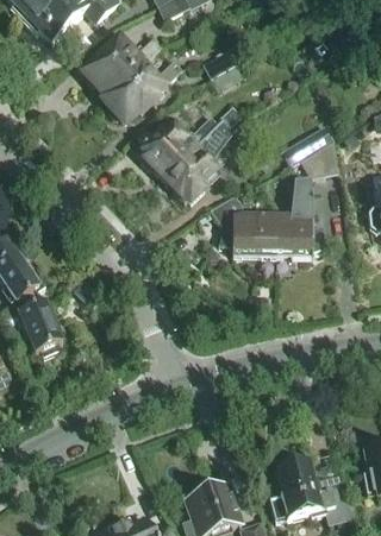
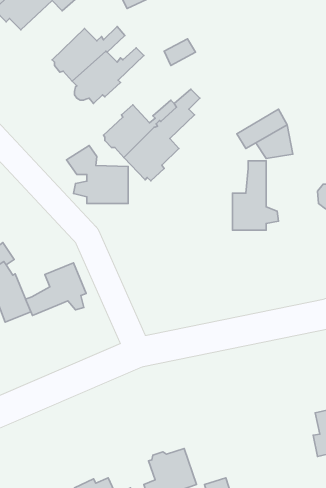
building: [211,191,276,253] -> [67,145,128,204]
building: none -> [26,263,86,316]
building: [270,461,351,522] -> none

